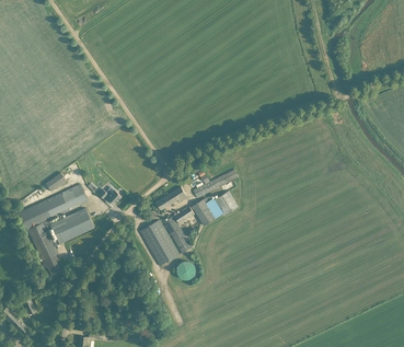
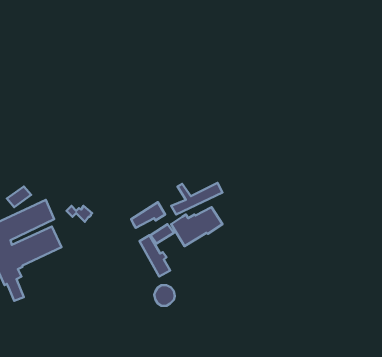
building: [139,219,178,265] -> none

